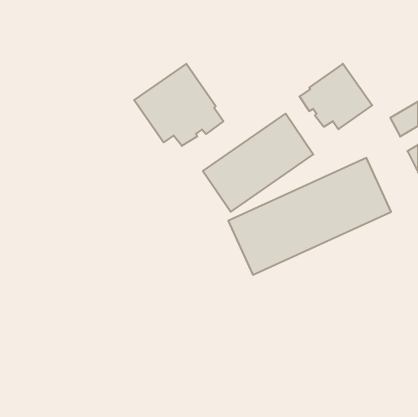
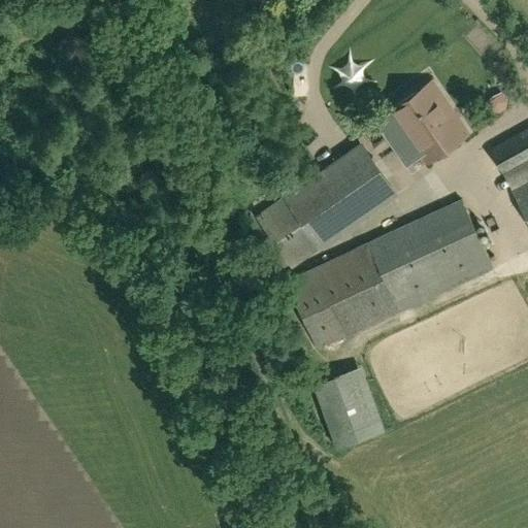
building: [134,64,223,146] -> none
building: none -> [312,366,383,446]

